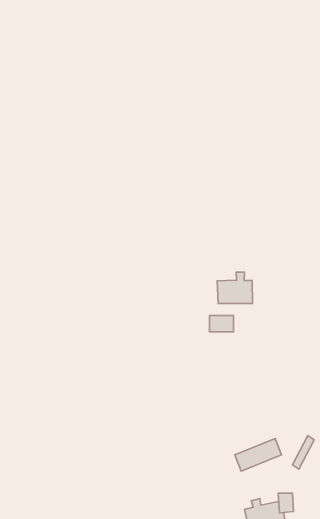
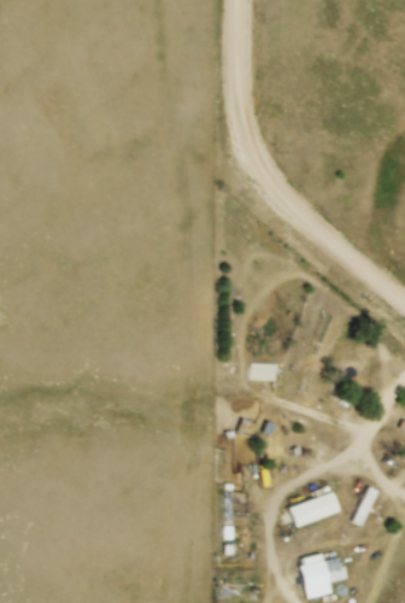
building: [217,272,252,304] -> none

